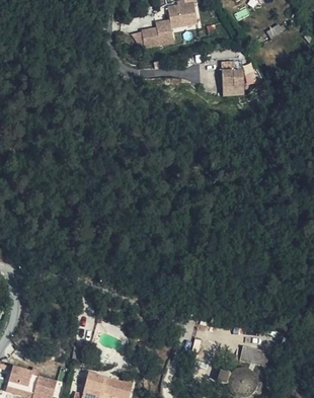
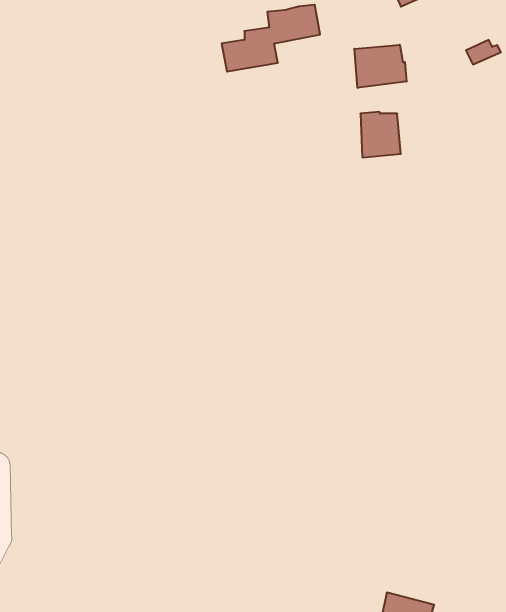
building: none -> [354,45,407,88]

